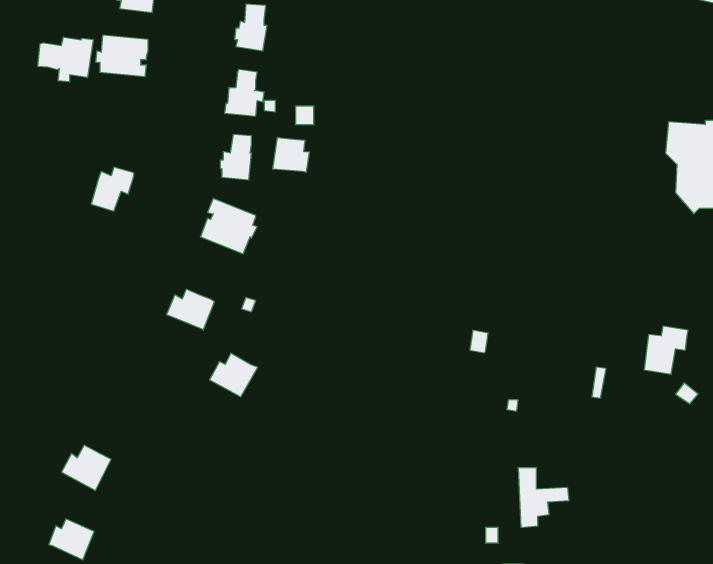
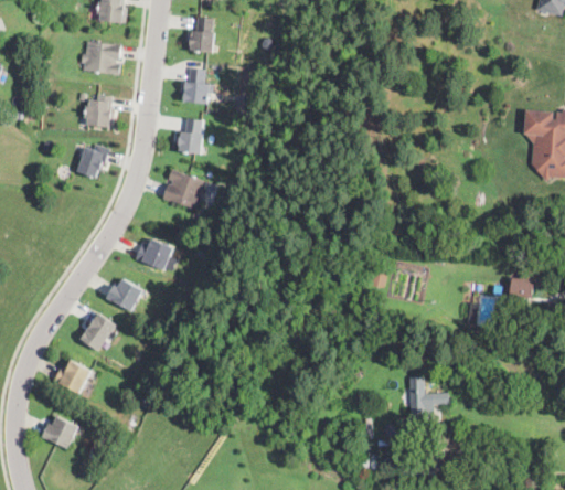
building: [38,37,93,82] -> none
building: none -> [84,94,114,128]
building: [273,137,309,172] -> none
building: [210,353,258,397] -> [105,278,142,312]
building: none -> [78,312,115,351]

